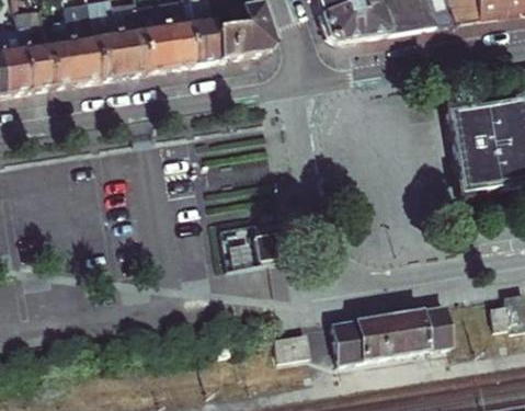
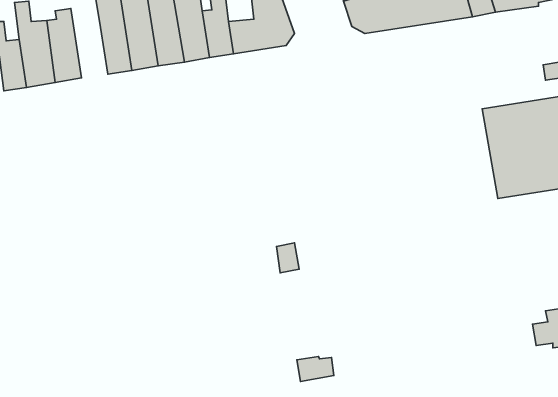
building: [70,16,104,81] -> none
building: [335,305,454,364] -> none

